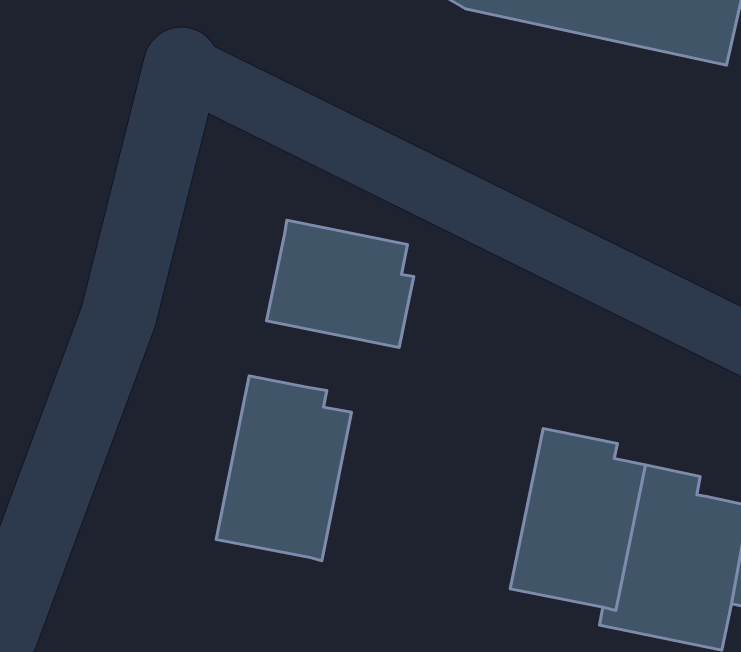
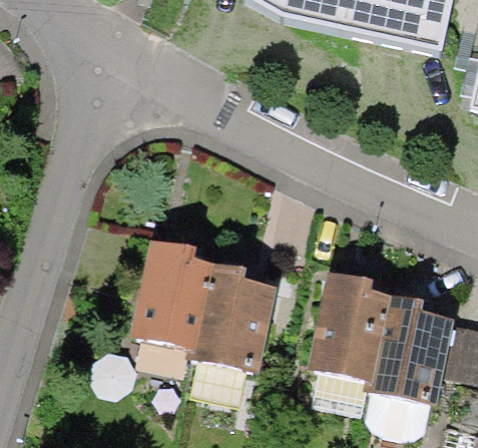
building: [266,220,414,347] -> none
building: none -> [186,261,277,373]

